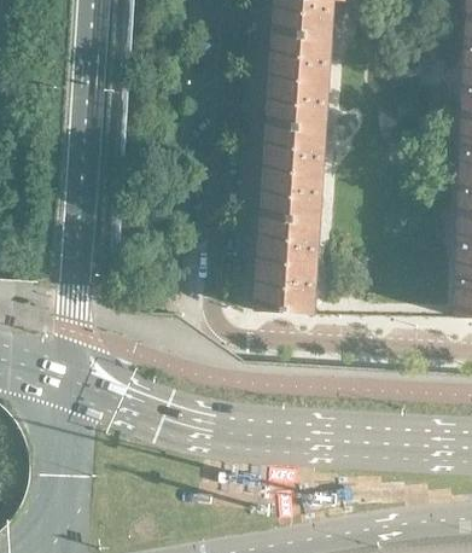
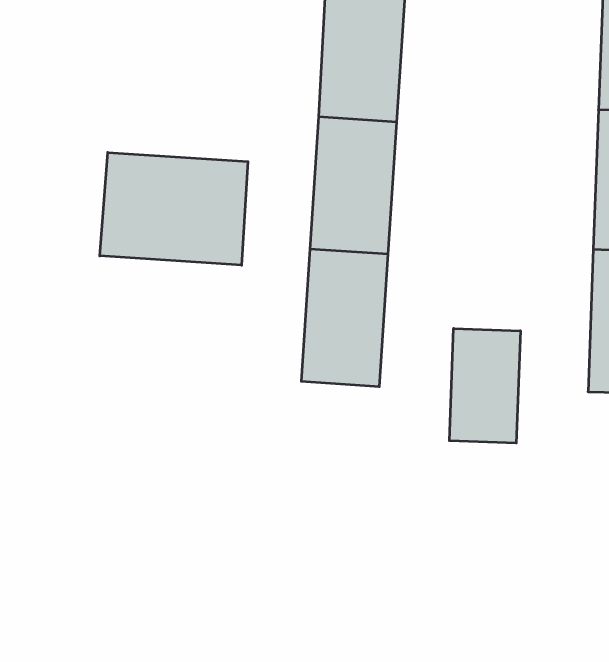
building: none -> [100,152,248,265]
building: none -> [449,328,520,443]

